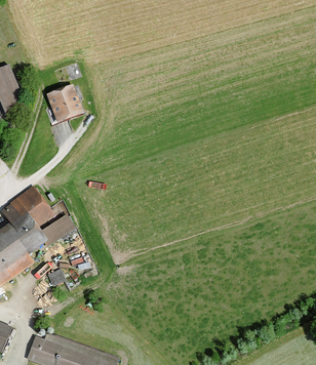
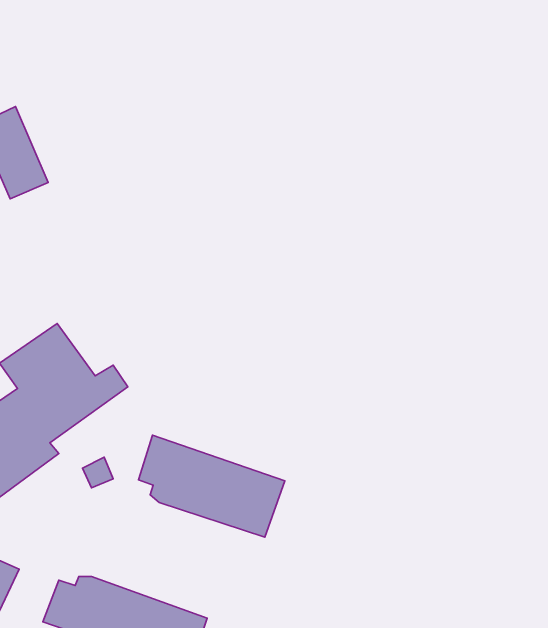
building: [46,85,85,125] -> none
building: none -> [139,435,285,537]

